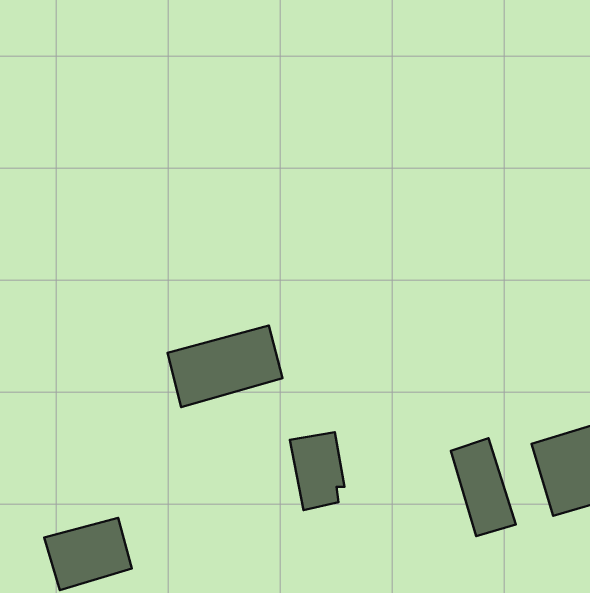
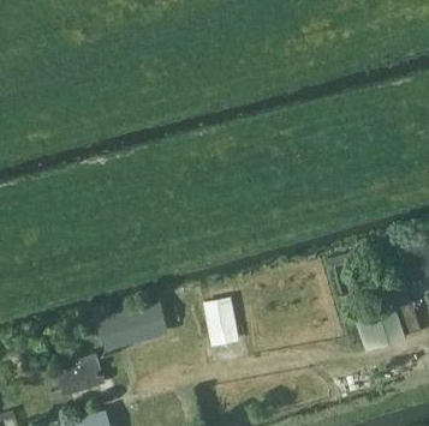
building: [167,325,282,407] -> [99,299,169,349]
building: [451,438,516,536] -> none

